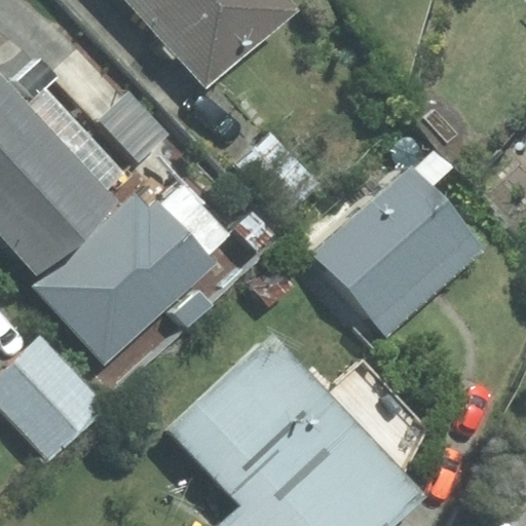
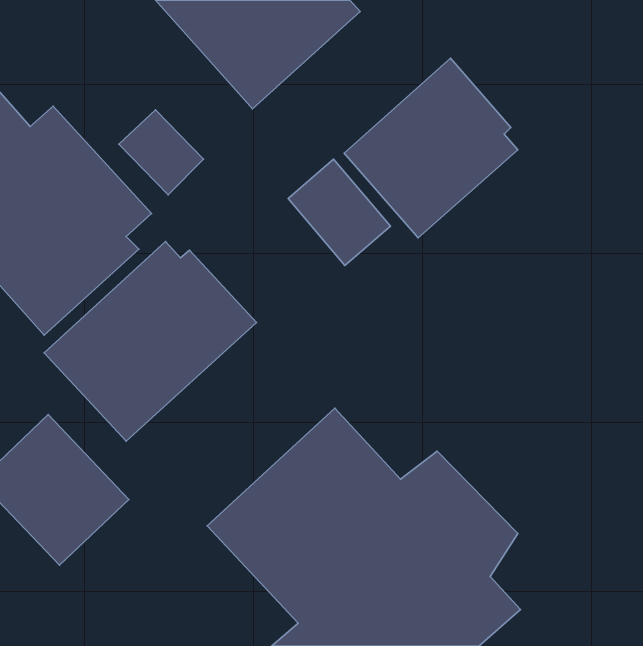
building: none -> [344,58,518,238]
building: [312,152,482,336] -> none

